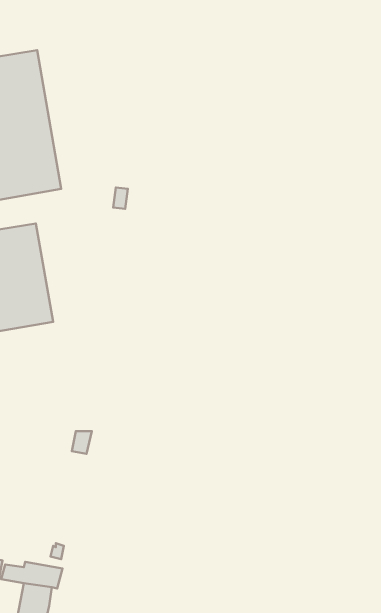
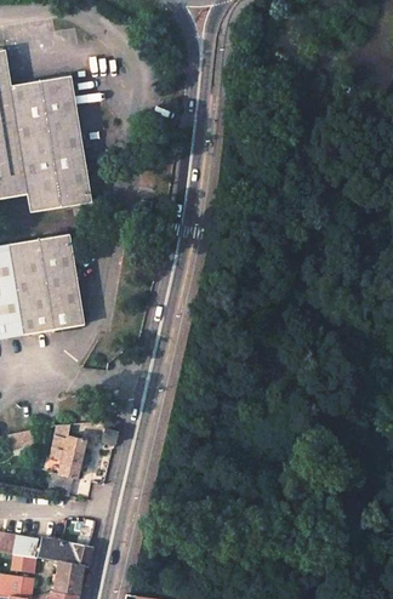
building: none -> [46,435,89,497]

